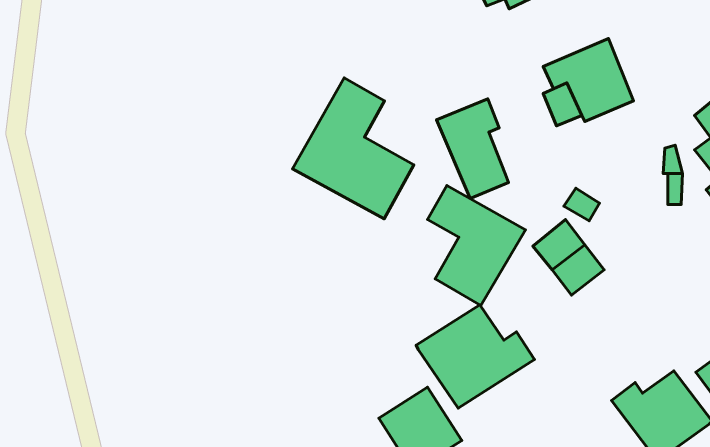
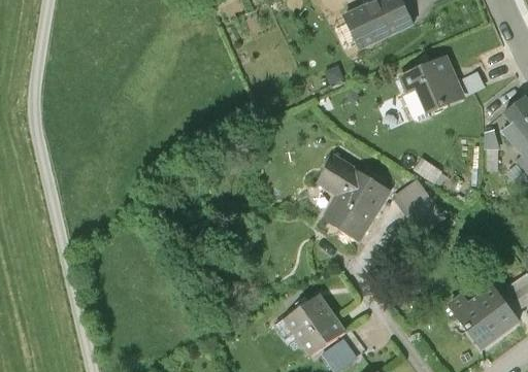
building: [293,78,414,219] -> none
building: [437,99,508,199] -> none
building: [416,305,534,408] -> none

